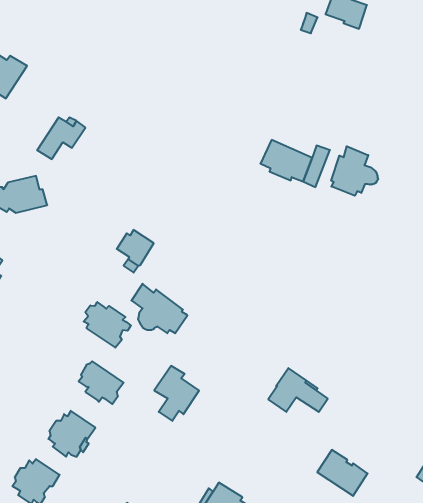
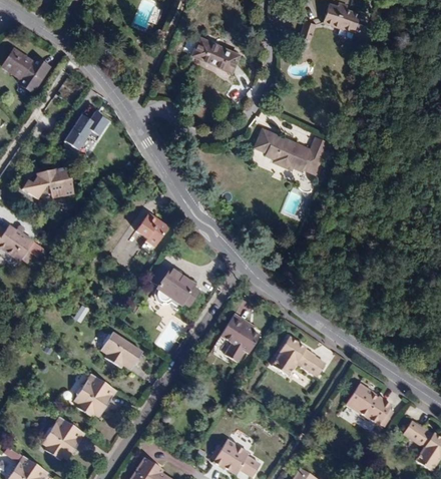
building: none -> [190,36,238,72]
building: none -> [250,127,274,154]
building: [331,146,378,196] -> none
building: [84,302,131,348] -> none
building: [154,366,199,421] -> [219,310,260,359]
building: [317,450,368,496] -> [346,384,391,425]

